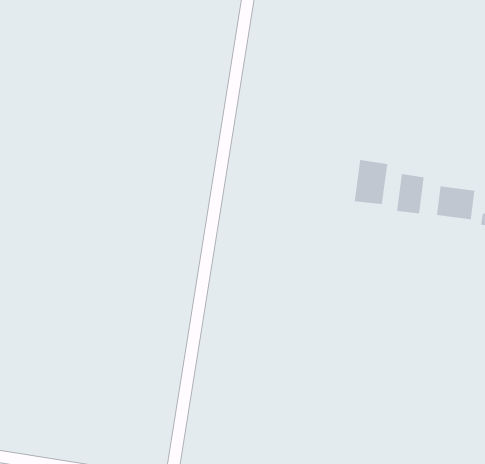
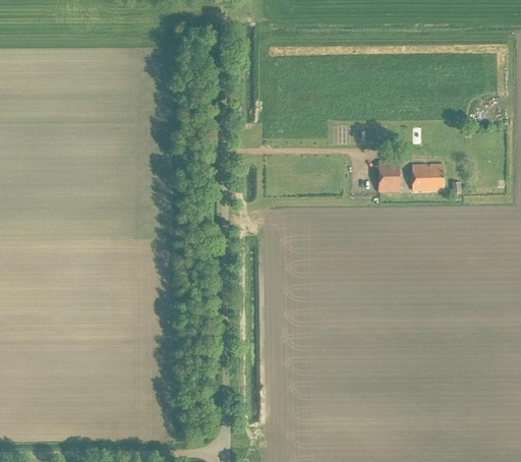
building: [354,159,388,205] -> none

